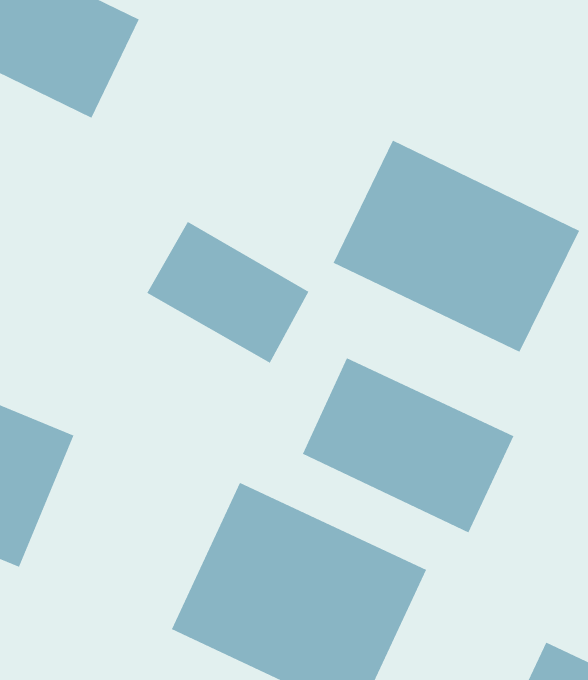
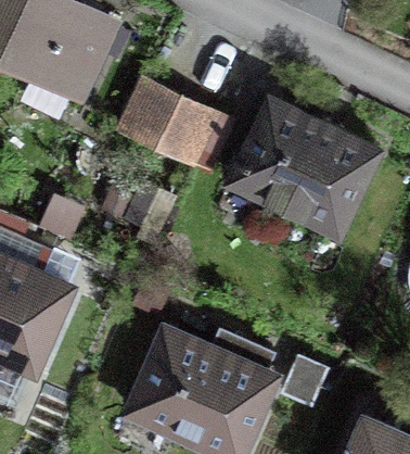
building: [146,221,310,364] -> [115,77,218,167]
building: [302,357,514,533] -> none

